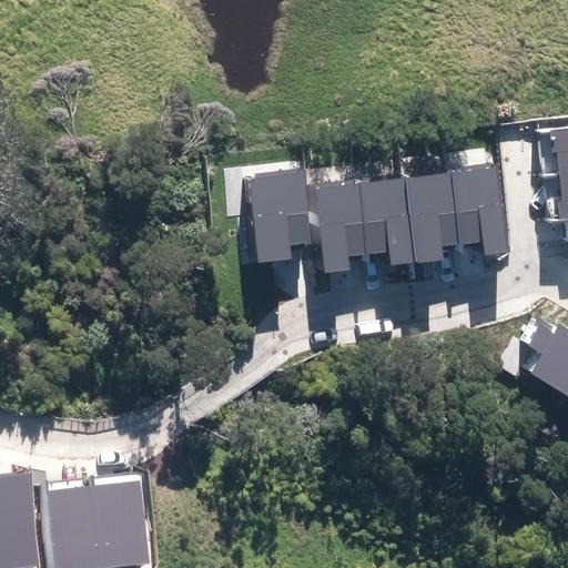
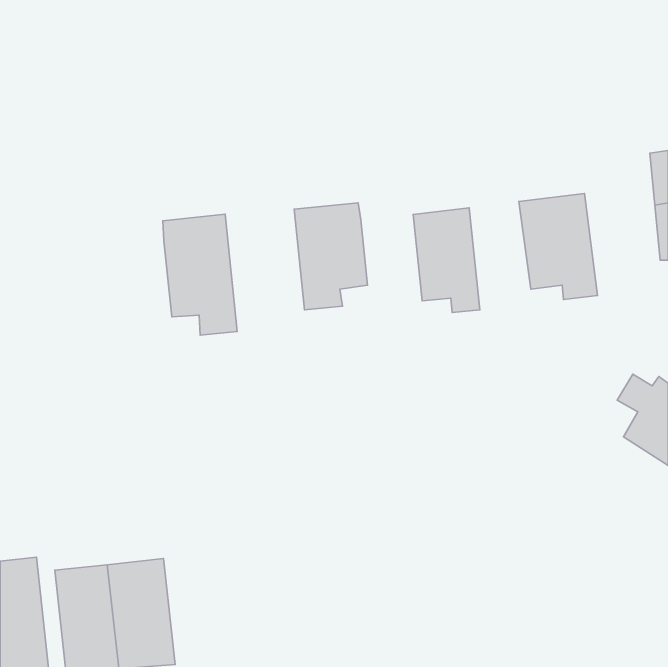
building: [398,172,450,264] -> none
building: none -> [163,214,237,335]
building: [306,183,358,274] -> none

